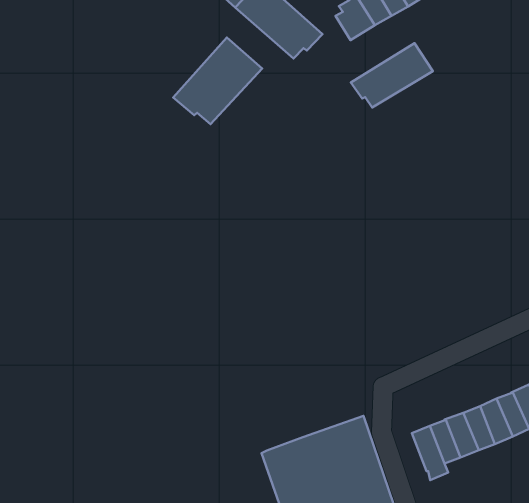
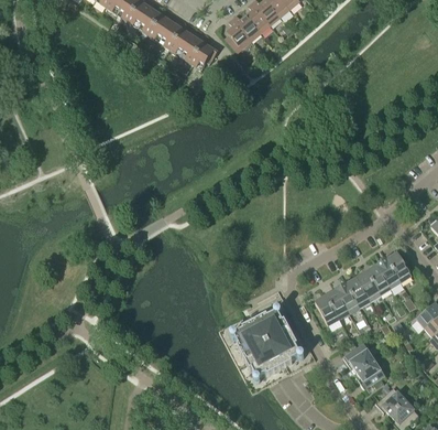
building: [173,38,262,124] -> none
building: [351,43,433,108] -> none

